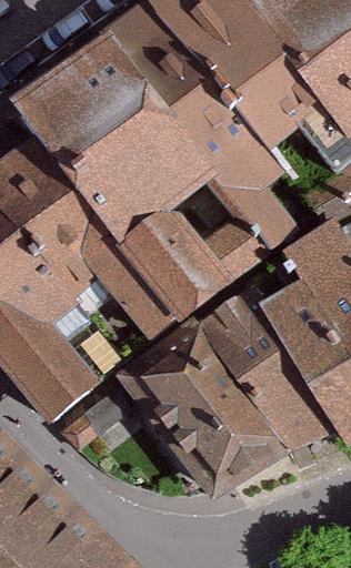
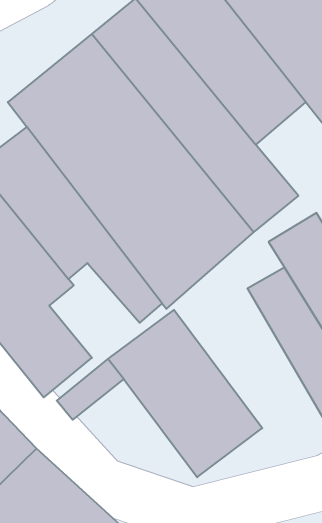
building: [184,286,333,448] -> none

